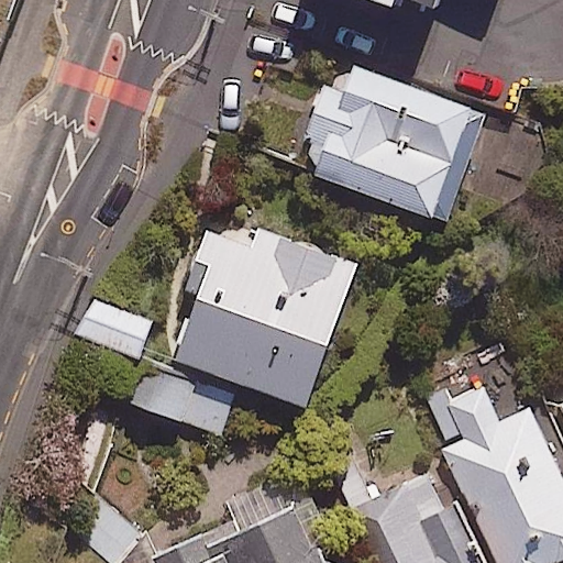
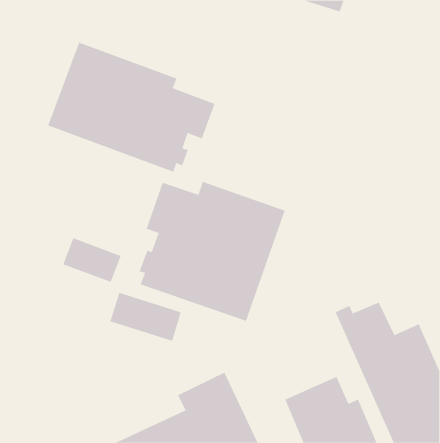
building: none -> [48,42,215,173]
building: [291,63,483,220] -> none

